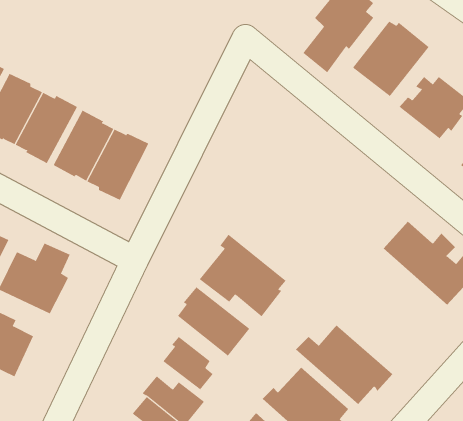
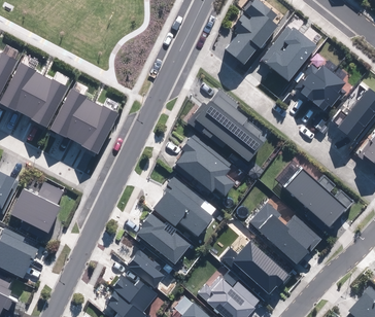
building: none -> [189,90,267,161]
building: none -> [176,133,235,196]
building: none -> [250,203,320,265]

